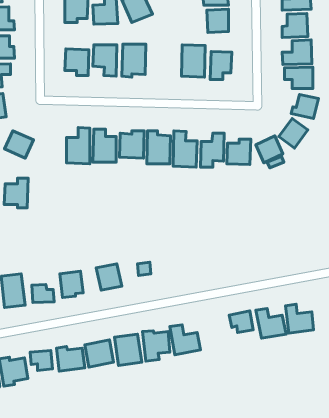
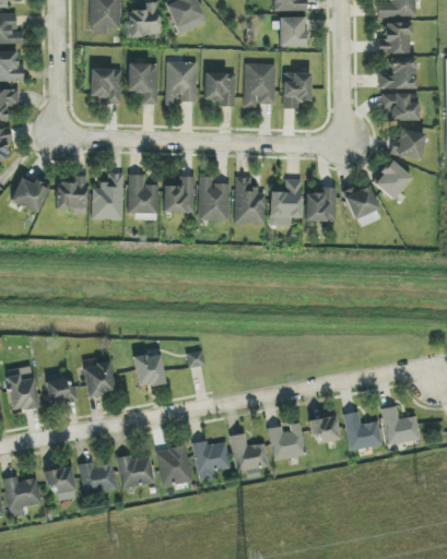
building: none -> [203,71,235,106]
building: [4,178,28,208] -> [55,174,86,213]
building: none -> [267,421,306,460]

